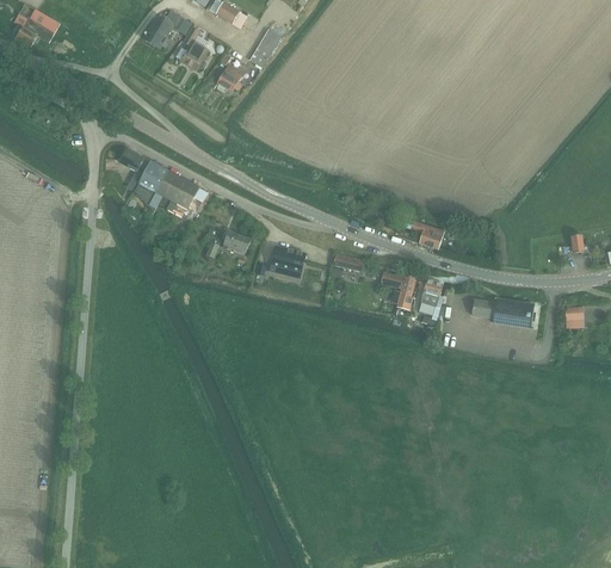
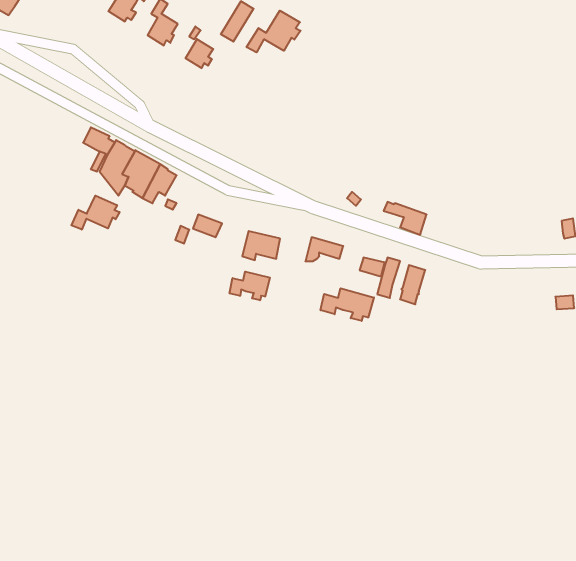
building: none -> [247,11,301,52]
building: none -> [71,196,120,230]
building: none -> [230,272,270,300]
building: [471,298,535,327] -> none
building: none -> [321,288,374,321]

